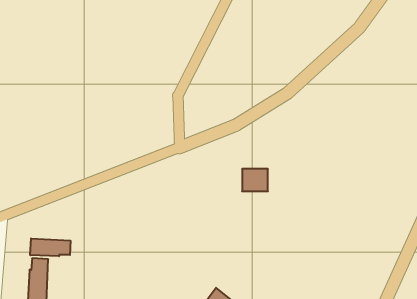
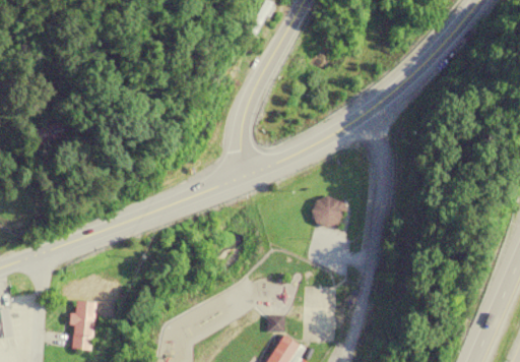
building: [30,238,70,256] -> none

